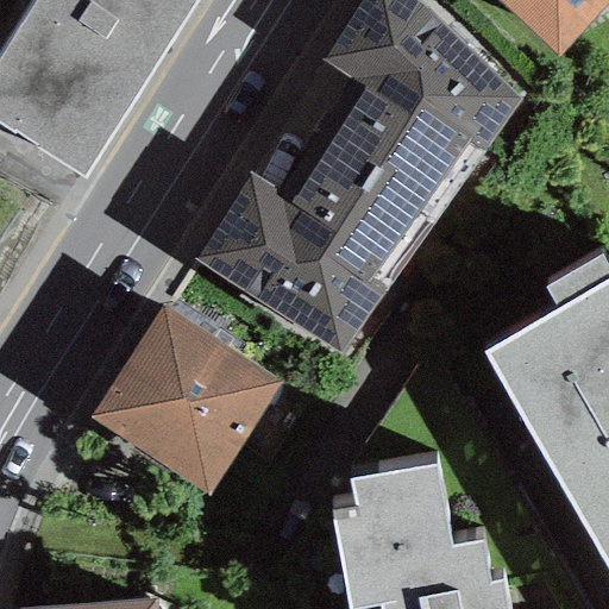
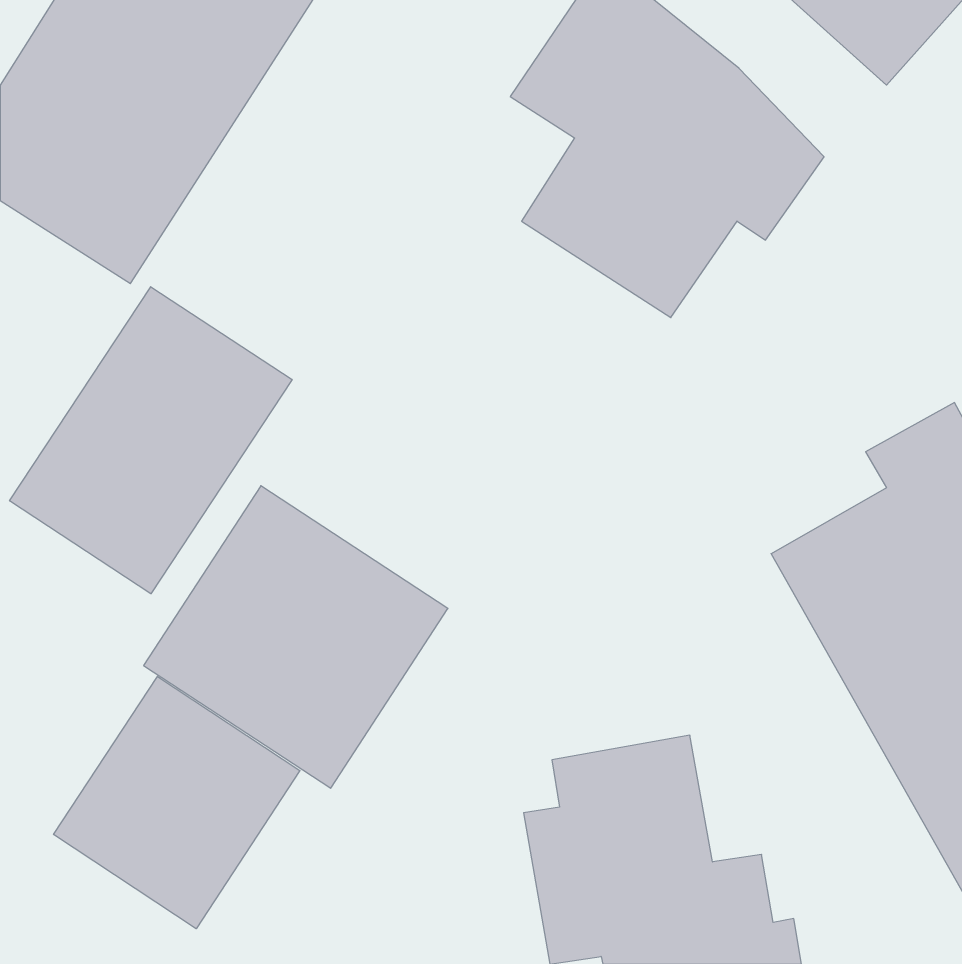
building: [196,139,425,352] -> none
building: none -> [10,287,292,594]
building: none -> [54,676,300,929]

